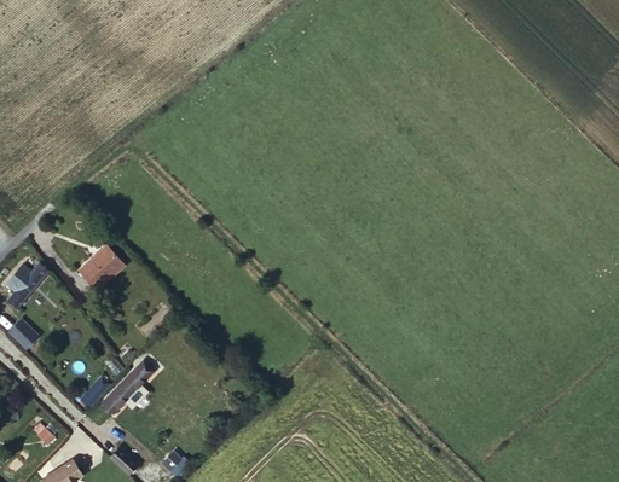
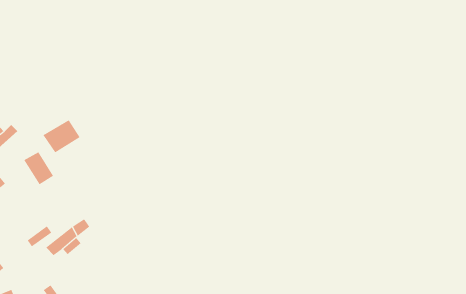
building: none -> [23,151,54,185]

